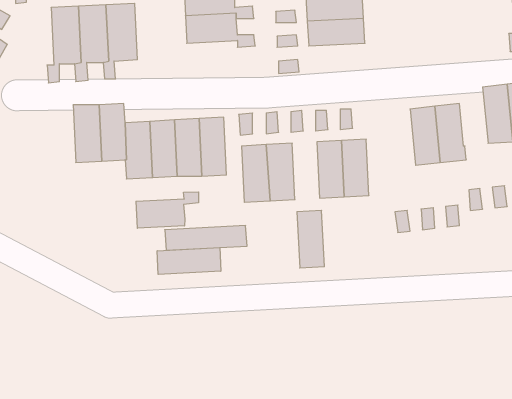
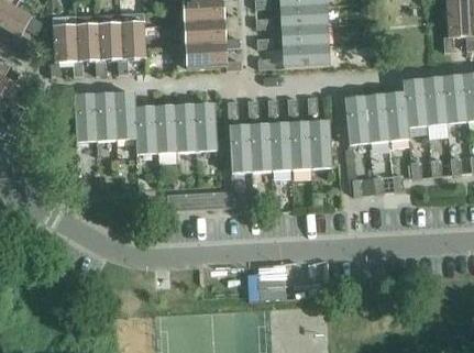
building: none -> [51,15,78,77]
building: none -> [176,42,241,69]
building: none -> [283,44,329,67]
building: none -> [403,79,427,126]
building: none -> [74,93,96,141]
building: none -> [344,97,368,144]
building: [136,192,199,228] -> none
building: [297,210,324,268] -> [269,123,291,169]
building: [157,248,221,274] -> none

